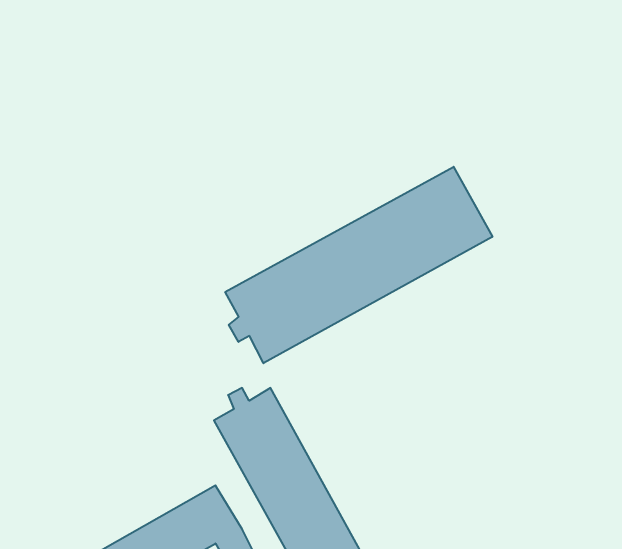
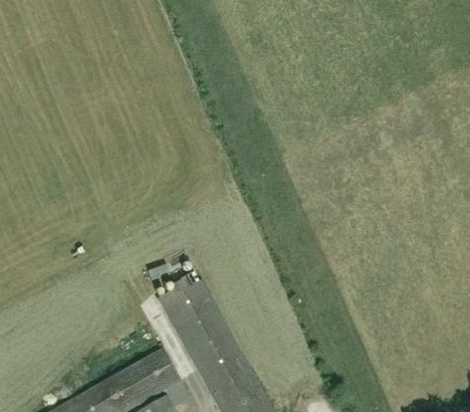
building: [225,167,492,363] -> none

